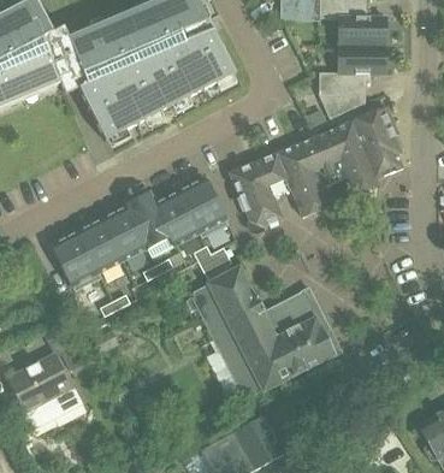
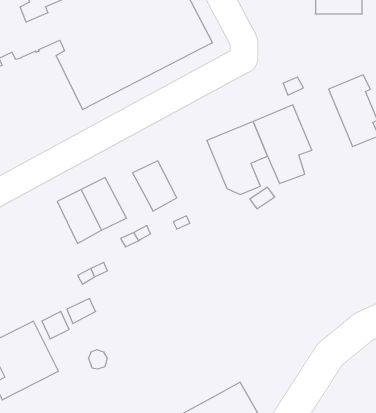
building: [319,45,385,118] -> none
building: [315,120,378,195] -> none
building: [179,179,224,230] -> none
building: [126,196,172,250] -> none
building: [53,233,99,288] -> none
building: [187,267,336,395] -> none

